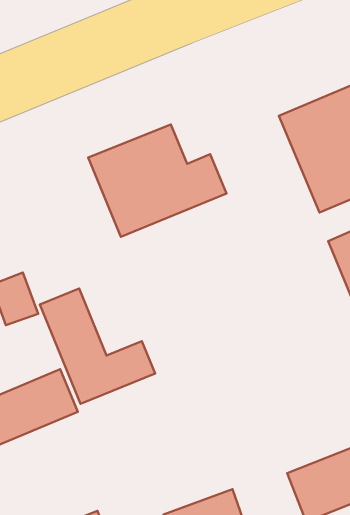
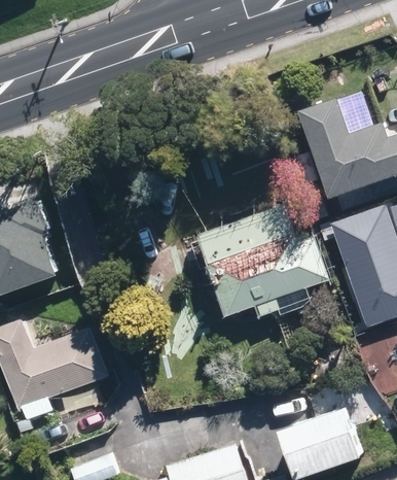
building: [88,125,226,237] -> [206,209,325,305]
building: [40,288,155,404] -> none

